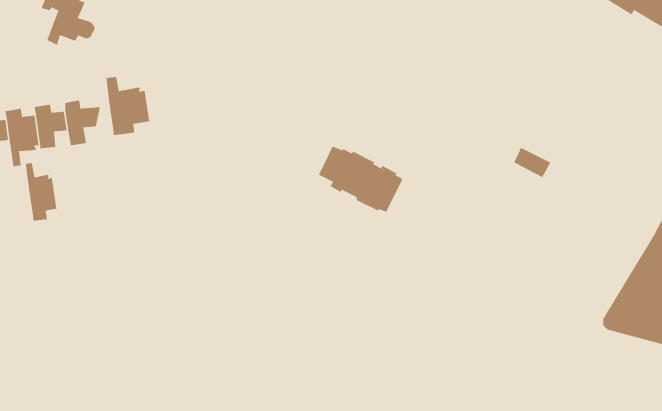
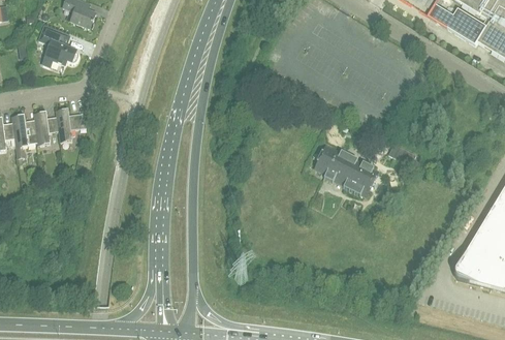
building: [106,76,150,136] -> none
building: [318,146,403,213] -> [315,146,378,195]
building: [25,162,57,222] -> none

